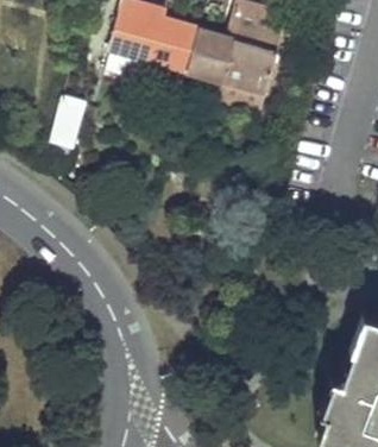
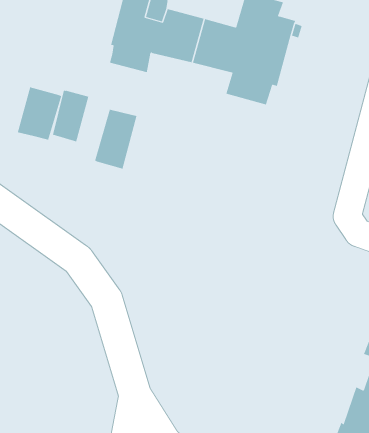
building: none -> [17,86,62,140]
building: none -> [94,109,137,169]

